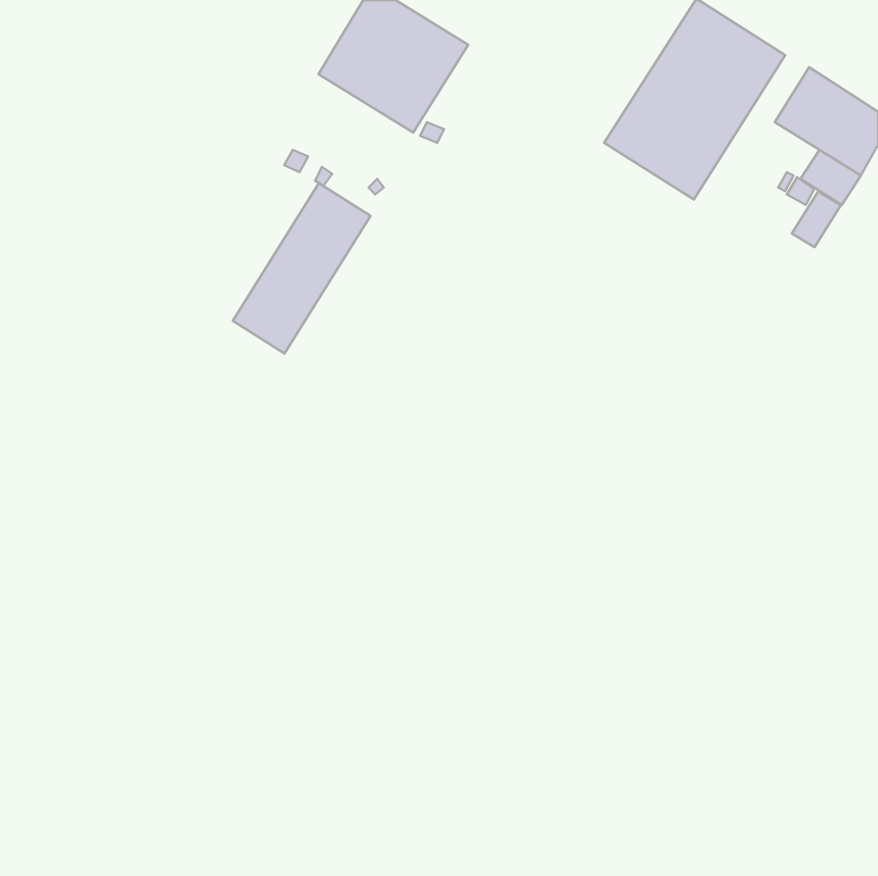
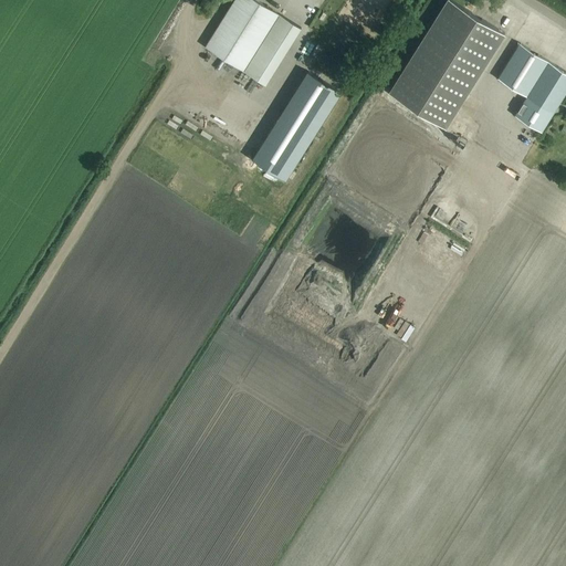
building: [233,183,371,353] -> [250,72,338,181]
building: [792,192,841,247] -> none

